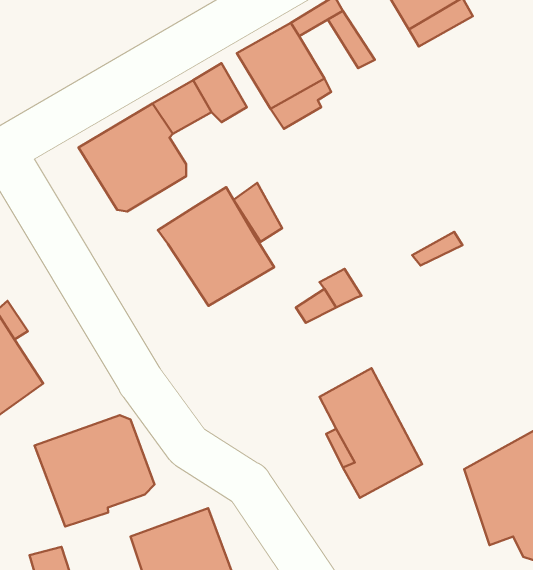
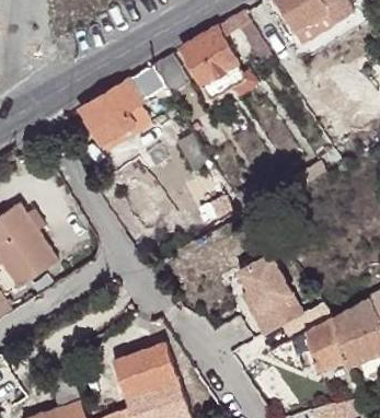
building: [158,187,274,306] -> none
building: [35,415,154,526] -> none
building: none -> [267,317,346,369]

